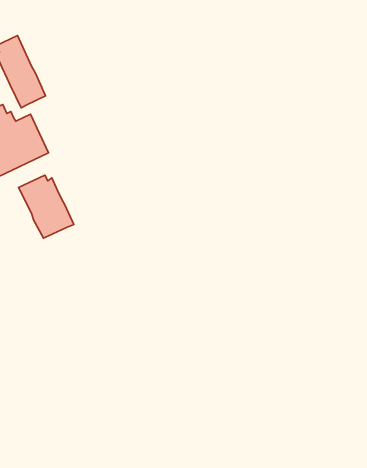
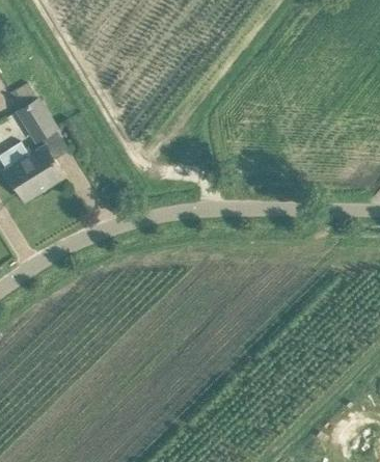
building: [19,175,74,238] -> none

